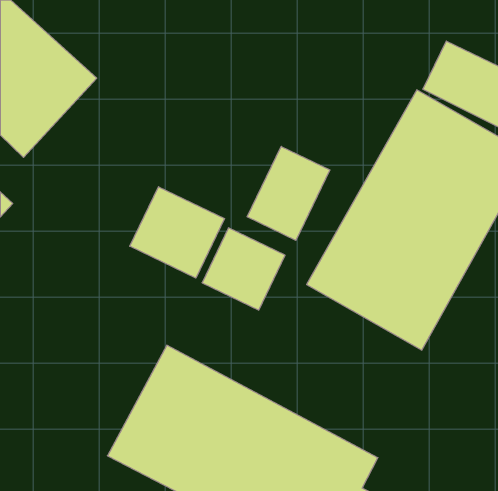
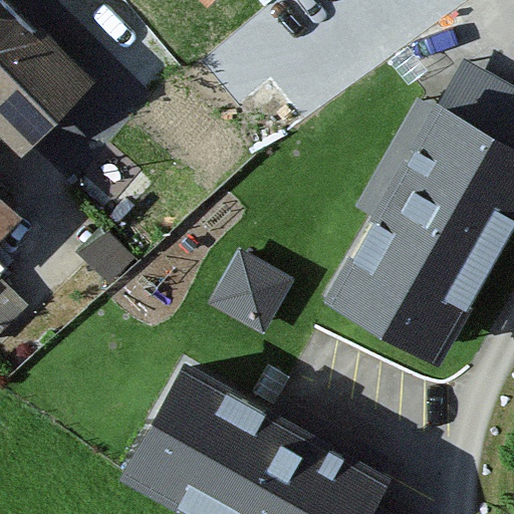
building: [247,146,330,240] -> none
building: [130,187,225,278] -> none

